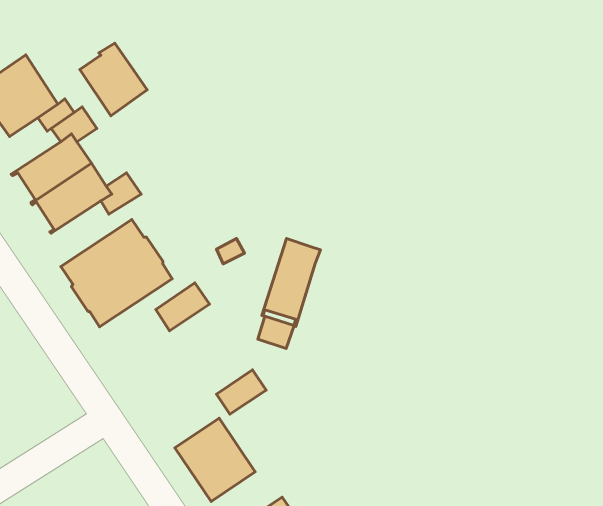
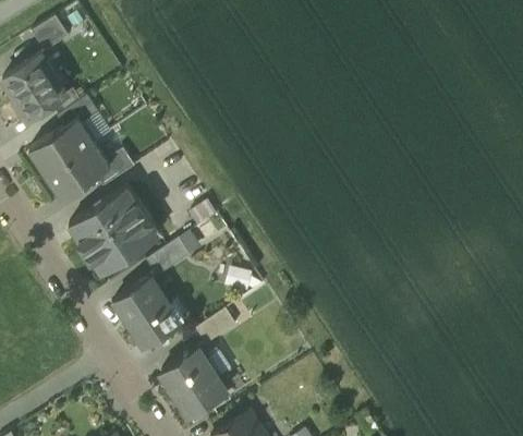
building: none -> [32,16,69,52]
building: [80,43,147,116] -> none
building: [262,238,320,327] -> none
building: none -> [113,277,181,347]

